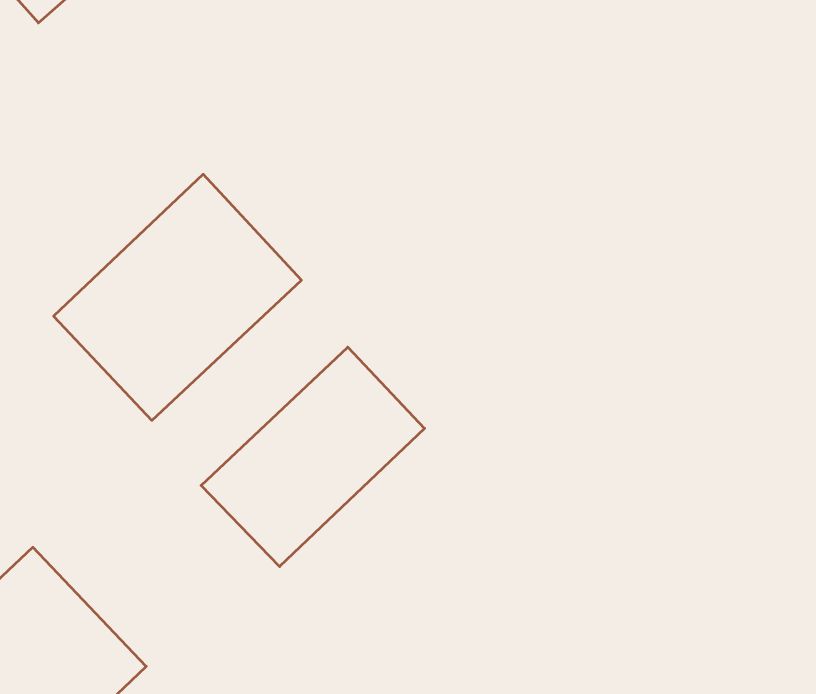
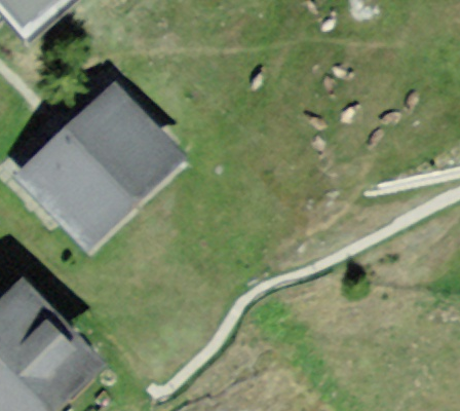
building: [201,347,425,567] -> none

